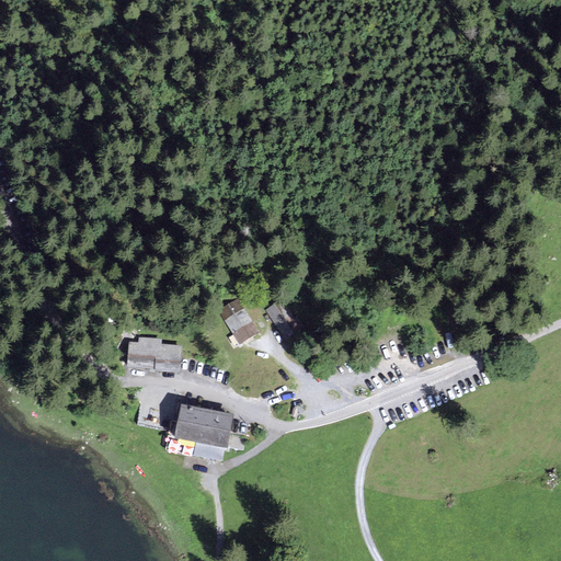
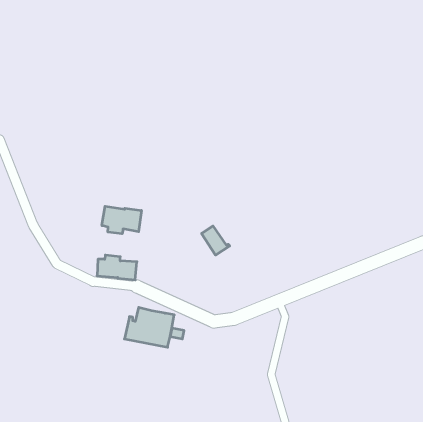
building: none -> [102,206,141,234]
building: [219,297,256,341] -> none

